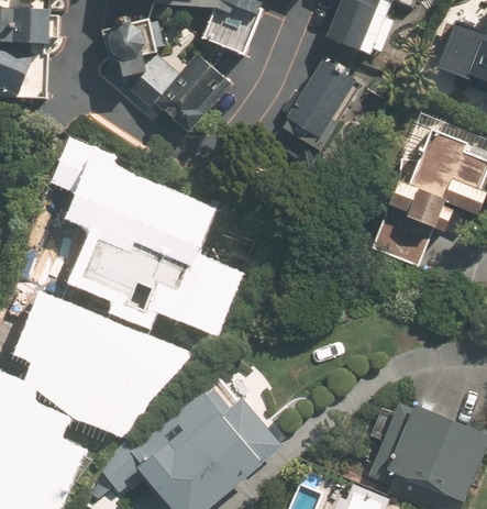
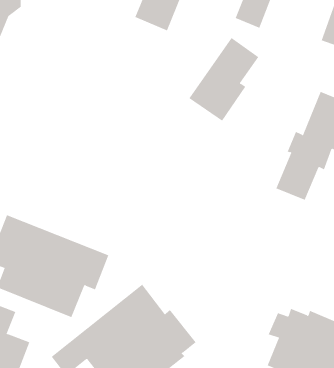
building: [98,21,228,132] -> none
building: [70,164,222,323] -> none

